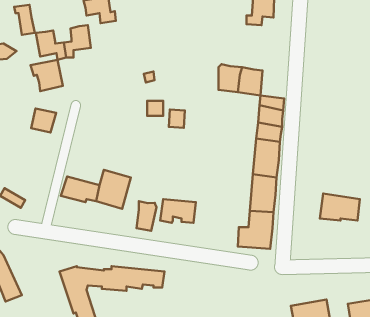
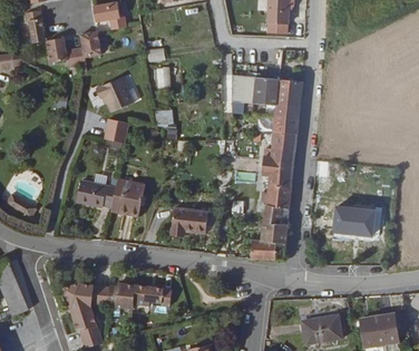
building: [30,60,63,91] -> [100,78,134,110]
building: none -> [274,79,301,108]
building: [31,109,56,132] -> [101,121,127,146]
building: [137,201,156,231] -> none

